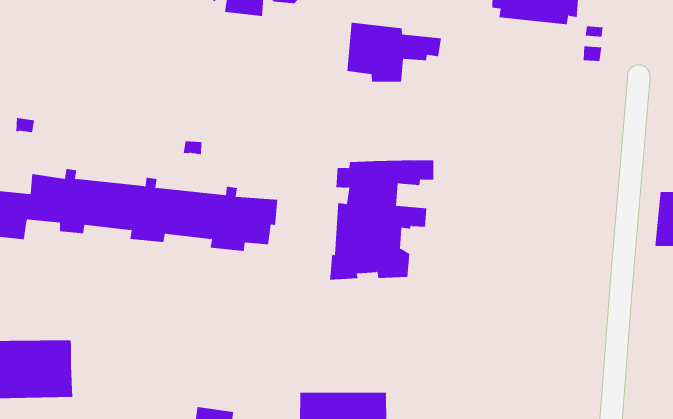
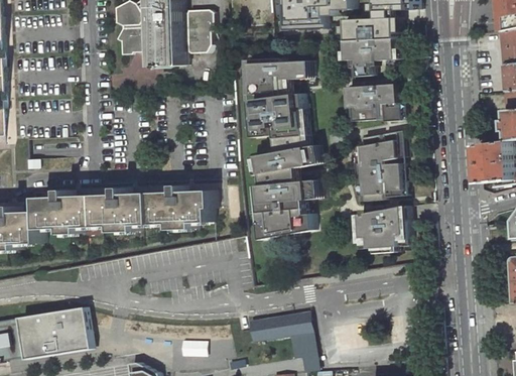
building: none -> [345,38,396,77]
building: none -> [247,93,303,152]
building: none -> [348,85,399,122]
building: none -> [355,130,401,200]
building: none -> [355,204,407,247]

